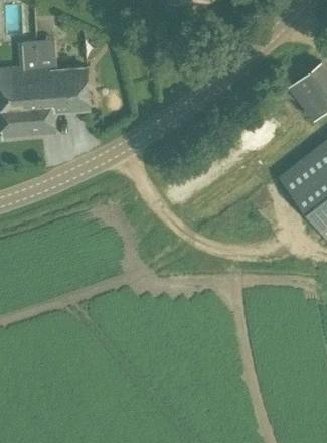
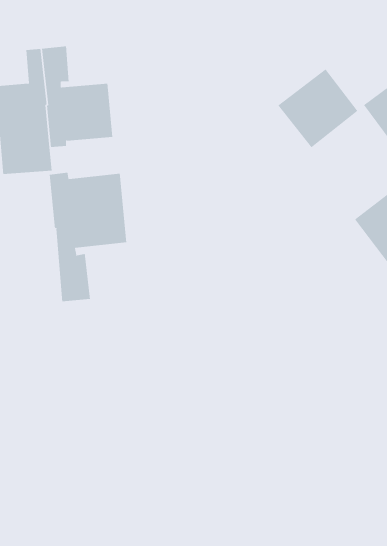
building: none -> [277,68,358,148]
building: none -> [49,172,127,302]

